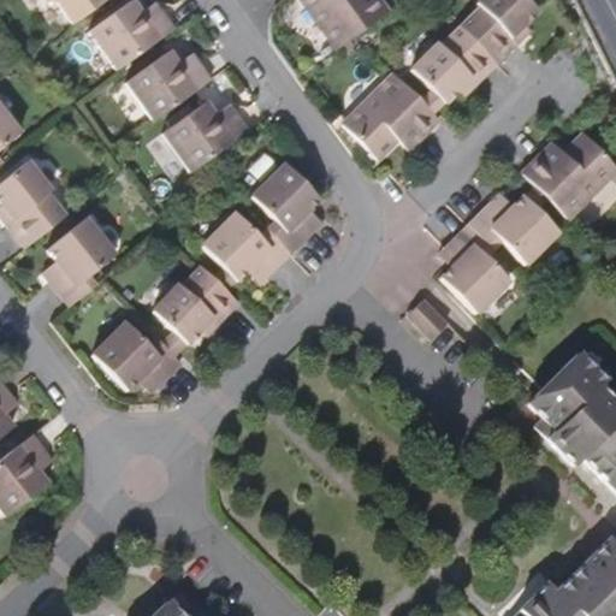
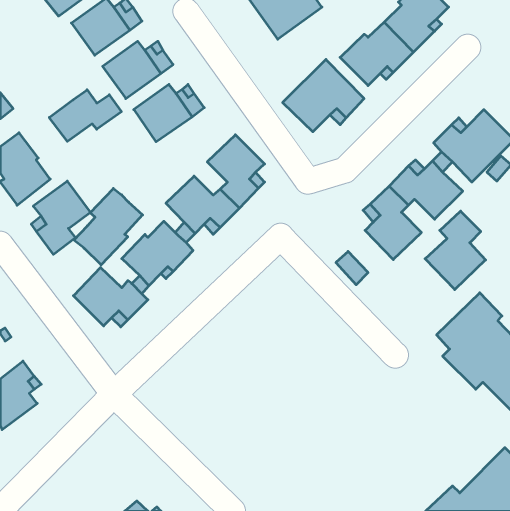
building: none -> [49,90,121,141]
building: none -> [74,188,143,265]
building: none -> [425,211,486,290]

